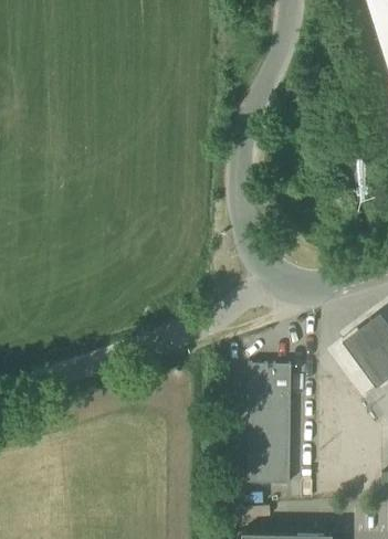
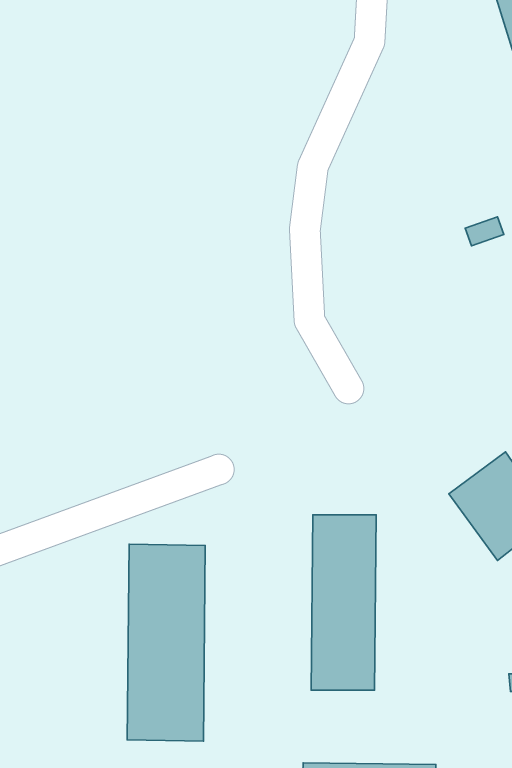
building: none -> [127,544,205,741]

